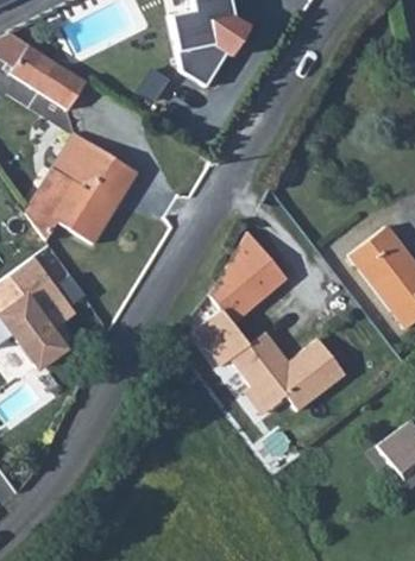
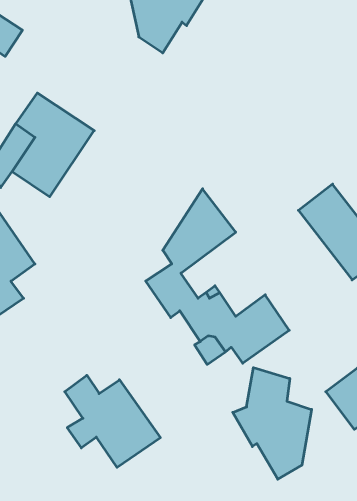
building: [45,68,92,112] -> none
building: none -> [233,368,312,479]
building: none -> [65,375,160,467]

